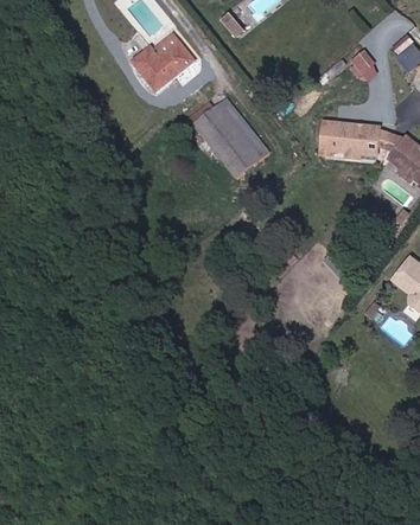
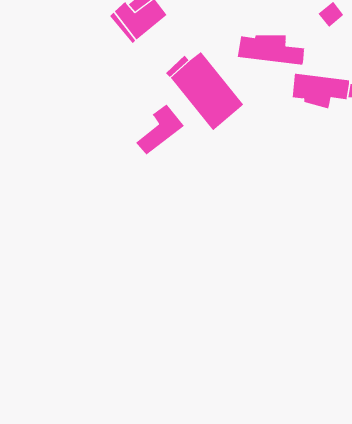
building: none -> [237,35,305,66]
building: none -> [135,104,185,156]

